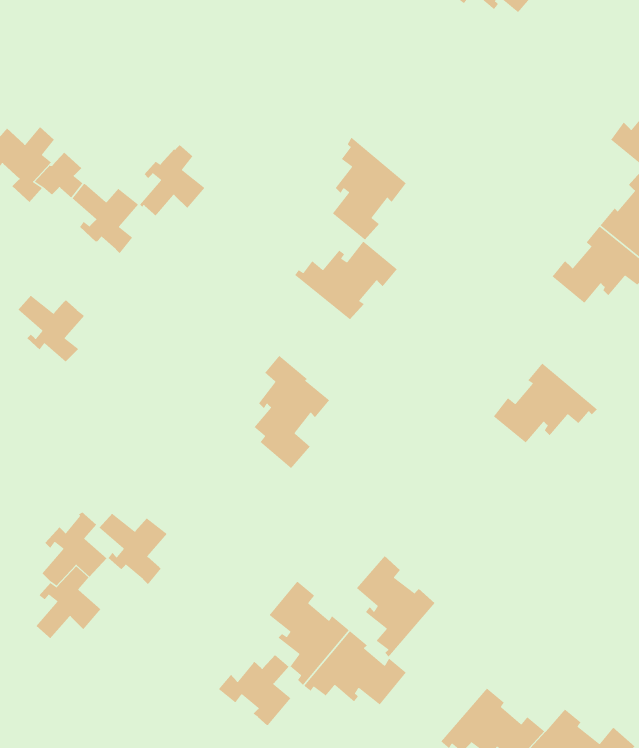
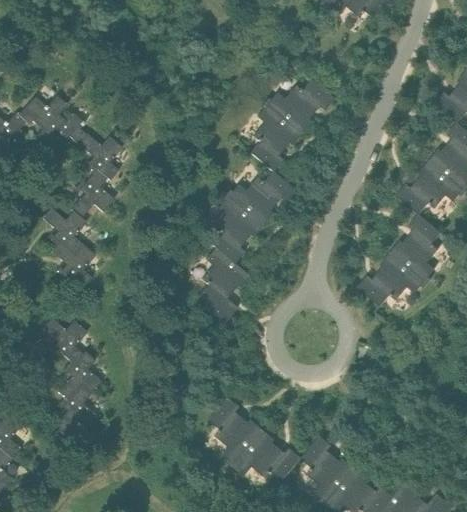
building: none -> [264,78,334,132]
building: [139,144,205,216] -> [71,168,115,216]
building: none -> [212,193,263,262]
building: none -> [391,213,441,282]
building: none -> [51,239,96,286]
building: [99,513,168,585] -> [41,316,87,364]
building: [356,555,436,657] -> [301,435,354,503]
building: [218,654,292,726] -> none

